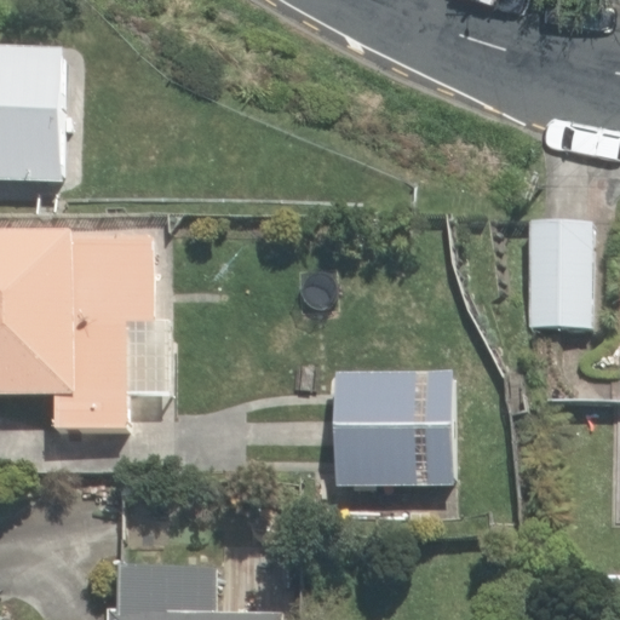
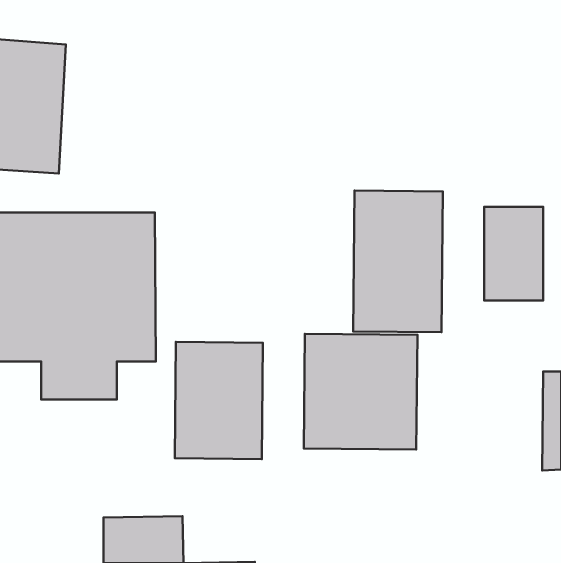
building: none -> [353,190,443,332]
building: none -> [175,342,263,459]

